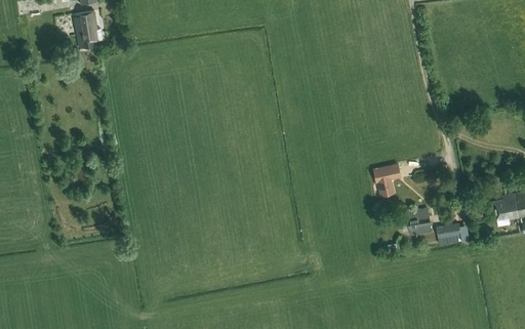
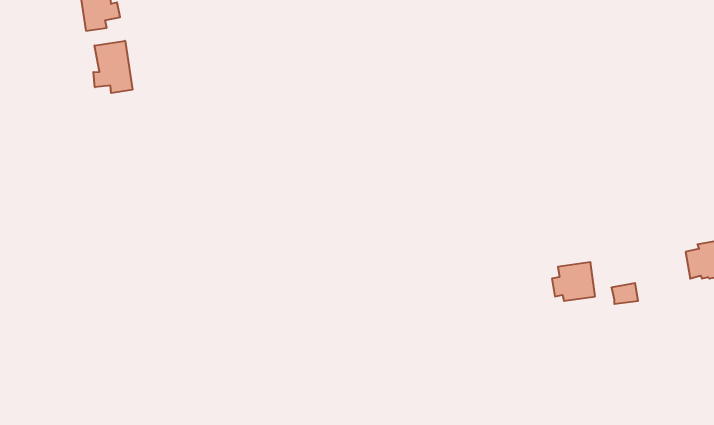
building: none -> [93,41,132,93]
building: [373,164,401,196] -> none

